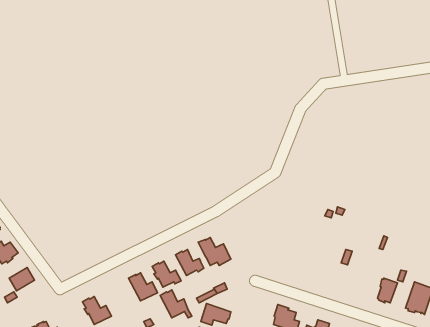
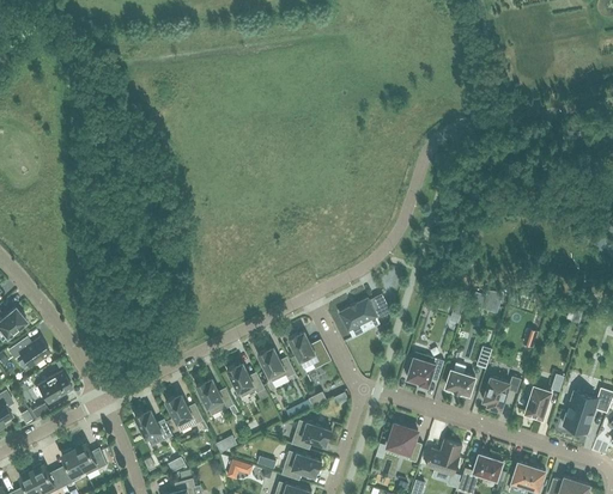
building: none -> [339,294,392,339]
building: none -> [406,356,443,388]
building: none -> [445,364,474,395]
building: none -> [482,377,521,411]
building: [160,290,192,318] -> [165,395,207,432]

